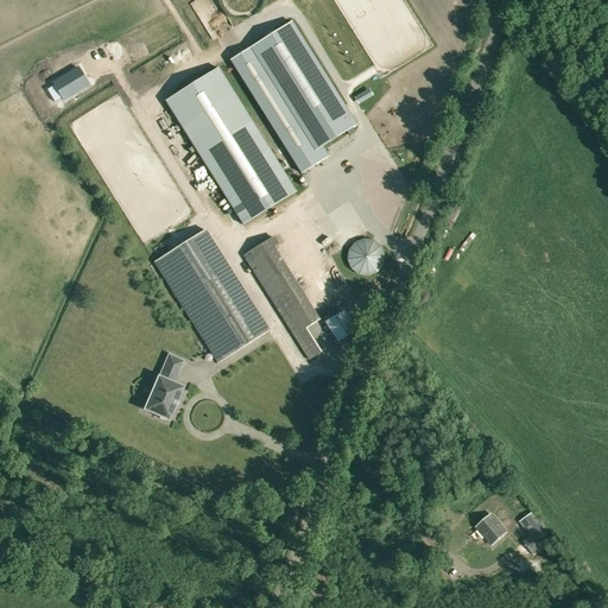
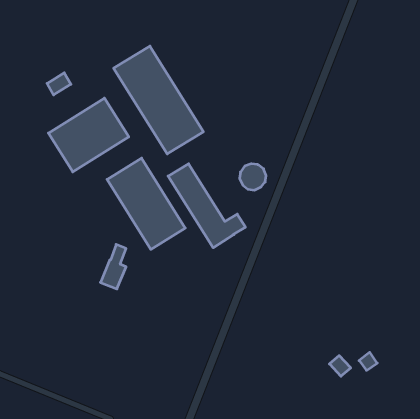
building: [229,20,354,171] -> none
building: [53,66,88,99] -> [47,73,71,95]
building: none -> [48,98,129,172]

